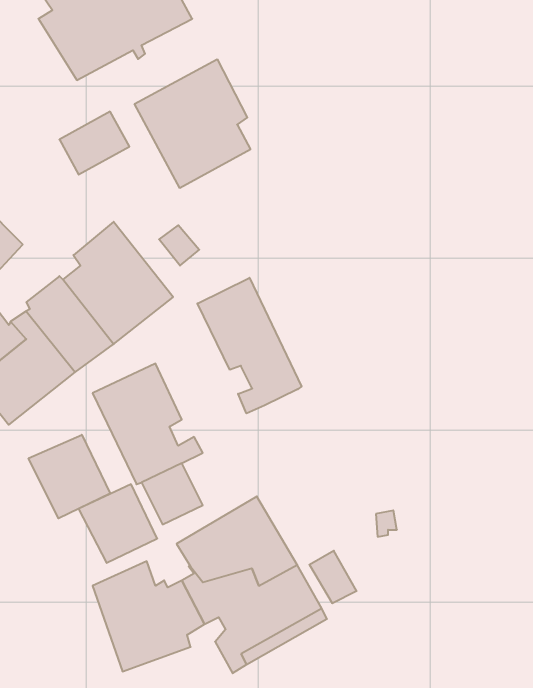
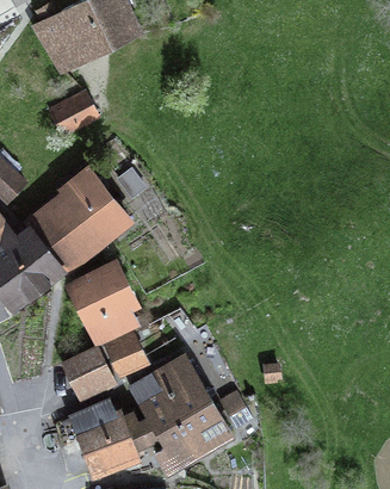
building: [135,59,250,188] -> none
building: [197,278,302,413] -> none
building: [29,435,110,518] -> none

